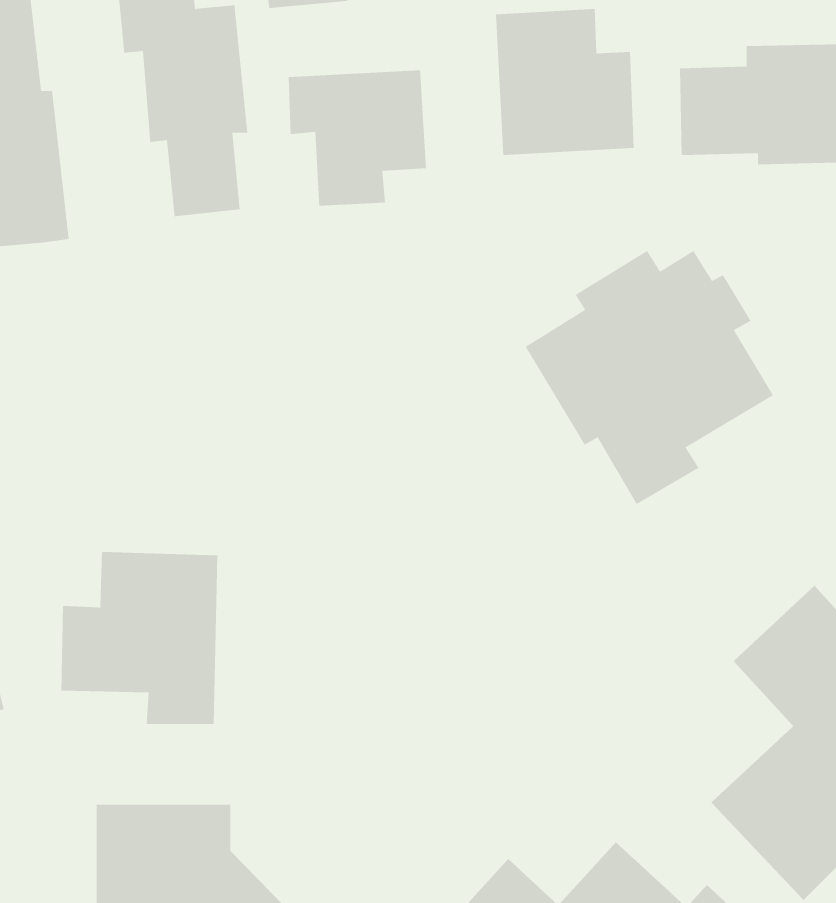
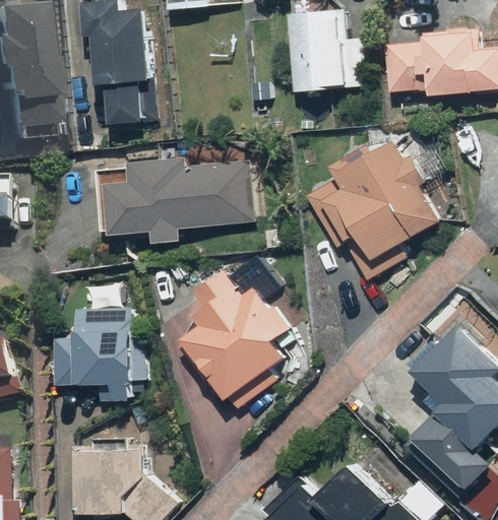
building: [288,69,427,207] -> none
building: none -> [111,156,251,241]
building: none -> [178,266,290,401]

